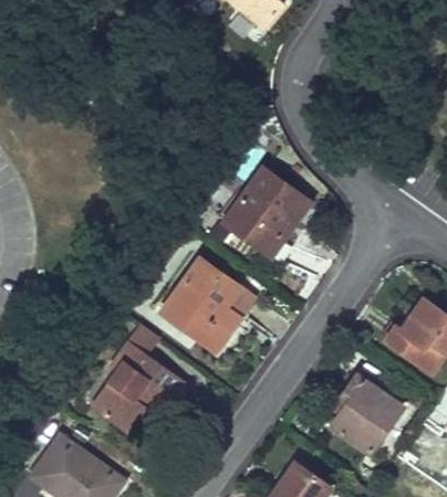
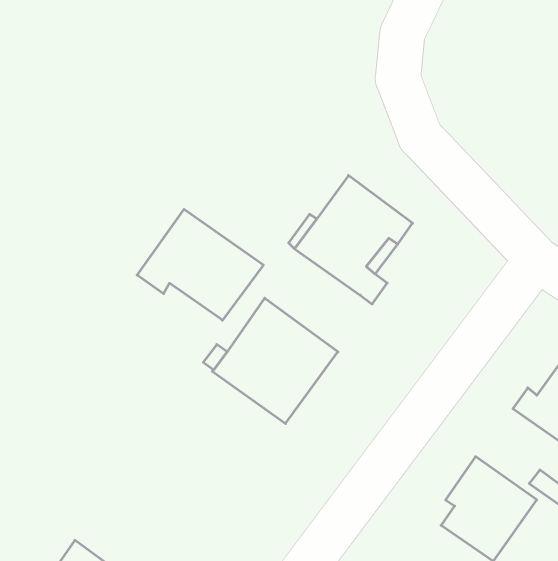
building: none -> [137,209,263,320]
building: [93,342,191,432] -> none

